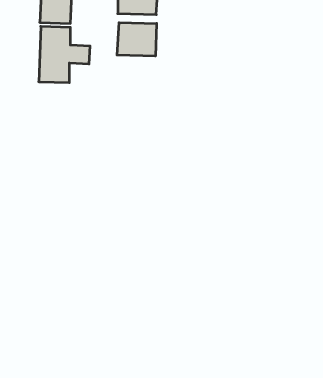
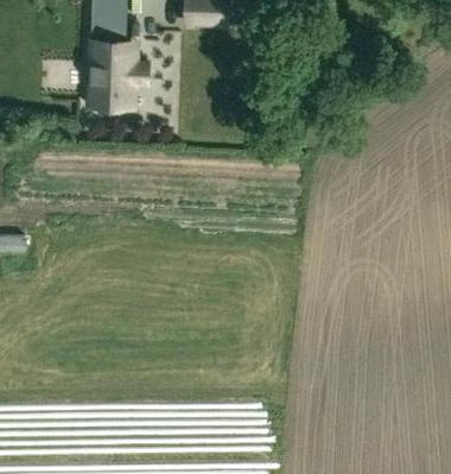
building: [117,23,157,56] -> none

